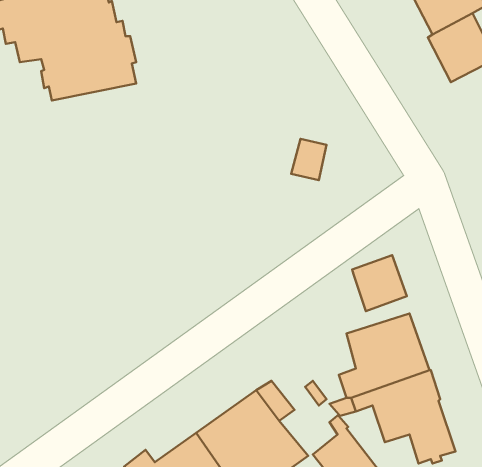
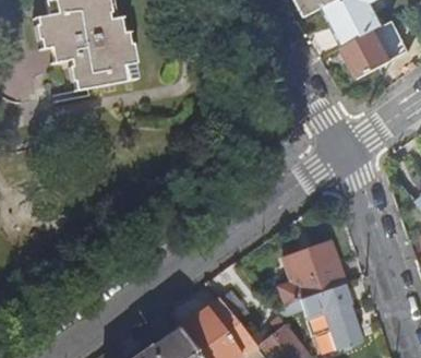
building: [352,255,407,311] -> none

